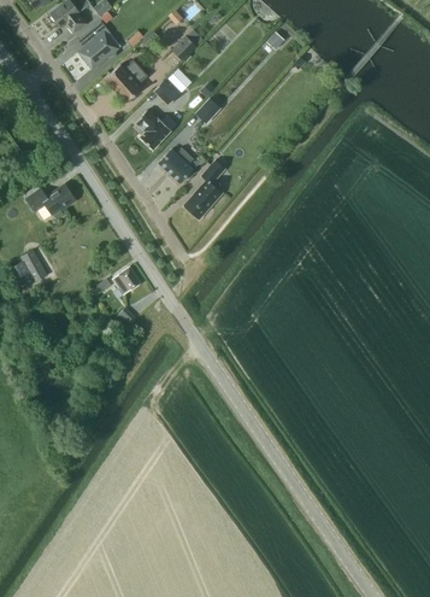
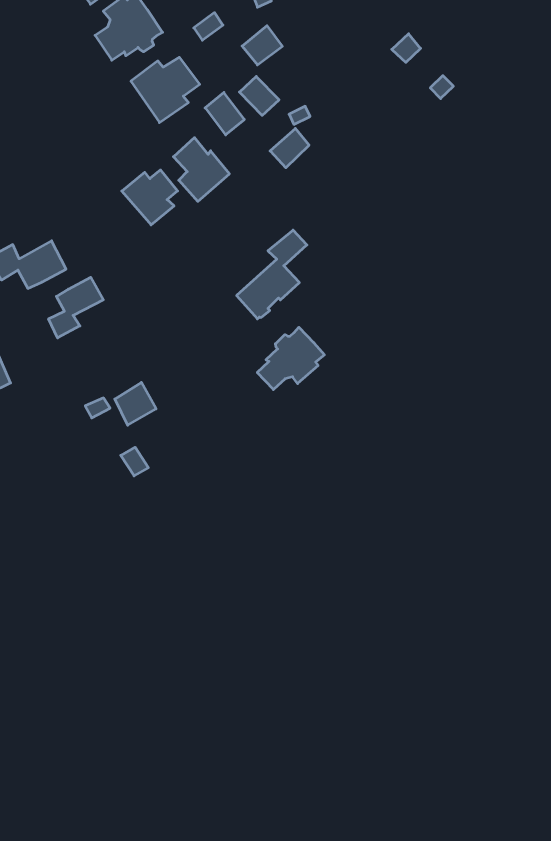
building: [158,146,193,181] -> [122,170,178,225]
building: none -> [49,277,103,338]
building: none -> [257,327,324,390]

